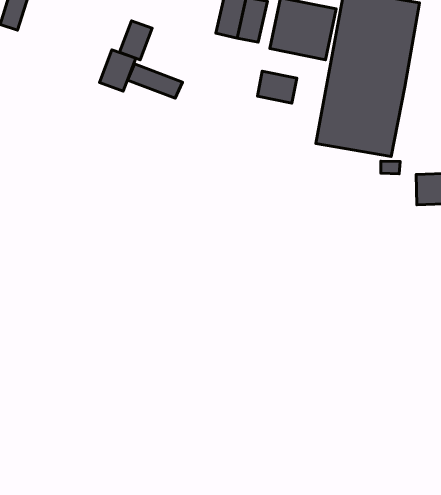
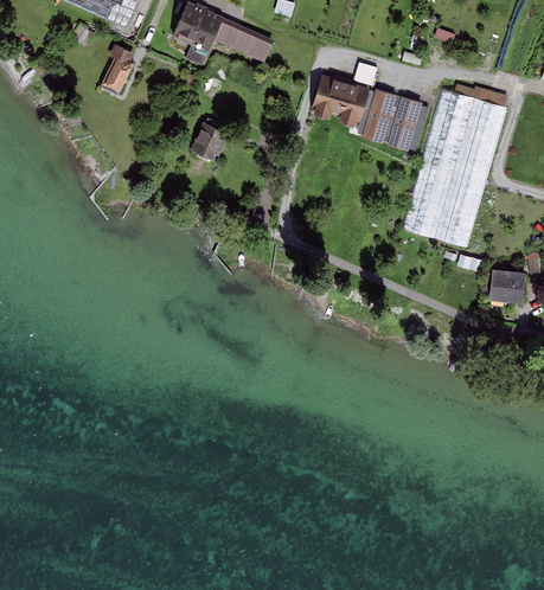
building: [119,21,152,60] -> none
building: [128,64,182,98] -> none
building: [257,71,297,103] -> none

